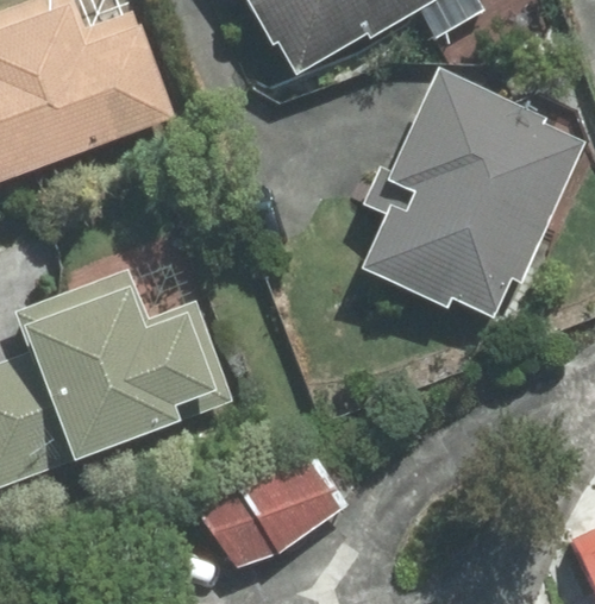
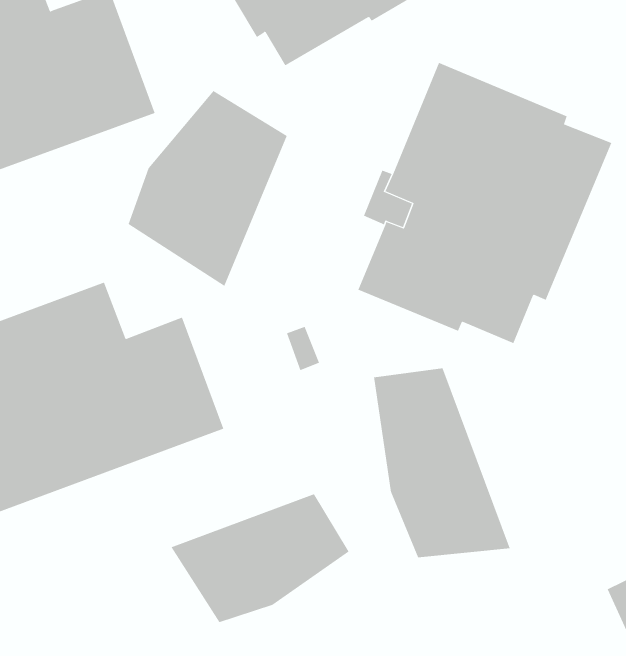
building: none -> [128,90,288,287]
building: none -> [373,368,511,558]

